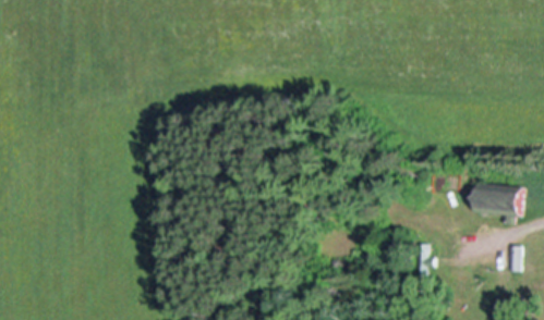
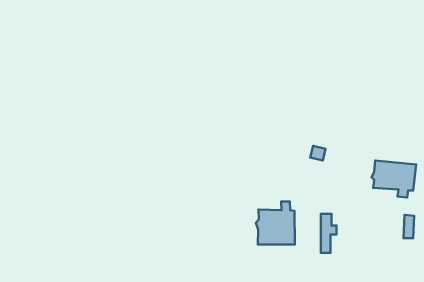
building: none -> [256,201,295,245]

